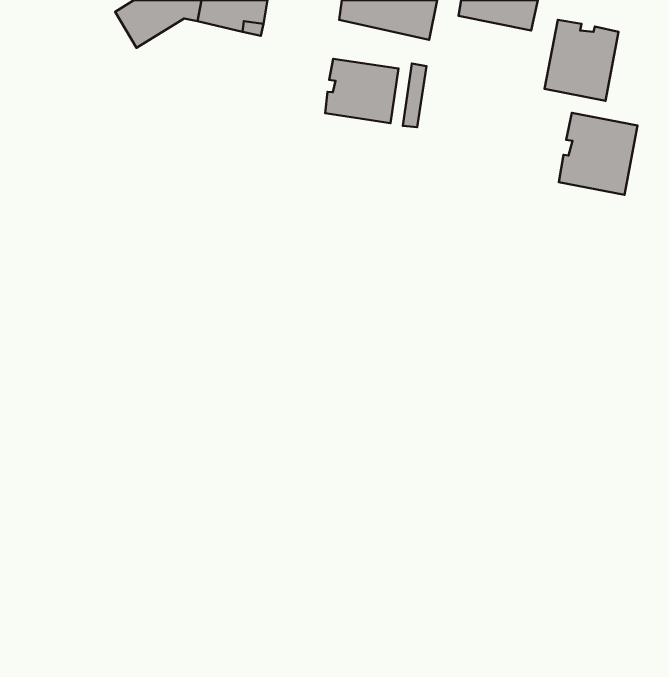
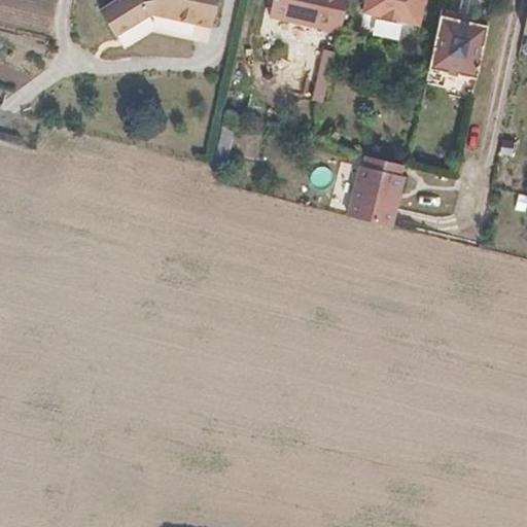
building: [325,59,399,123] -> none
building: [559,113,638,195] -> none
building: none -> [349,164,406,224]

